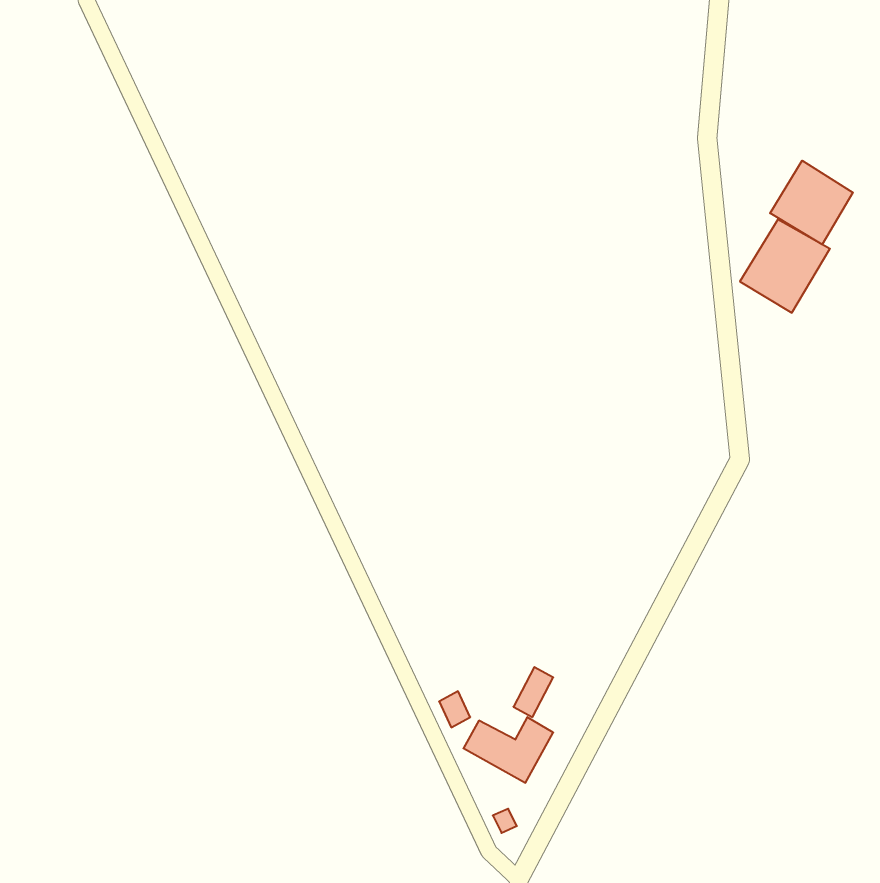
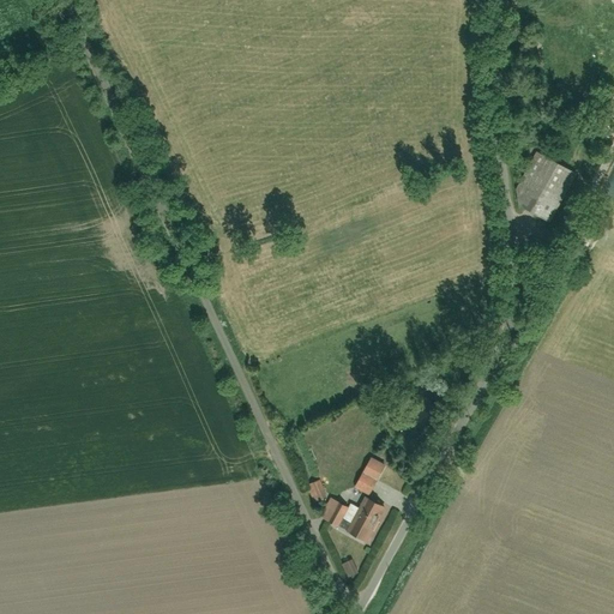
building: [770,161,853,245] -> none

